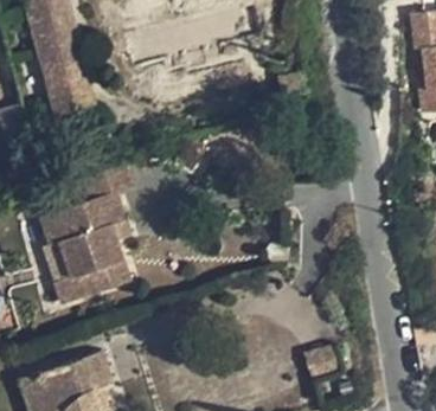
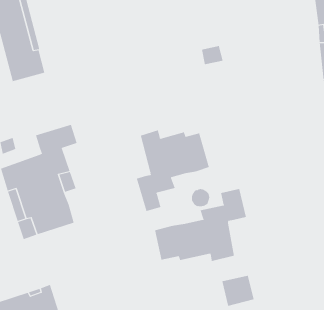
building: none -> [136,130,210,212]
building: none -> [155,188,247,262]

